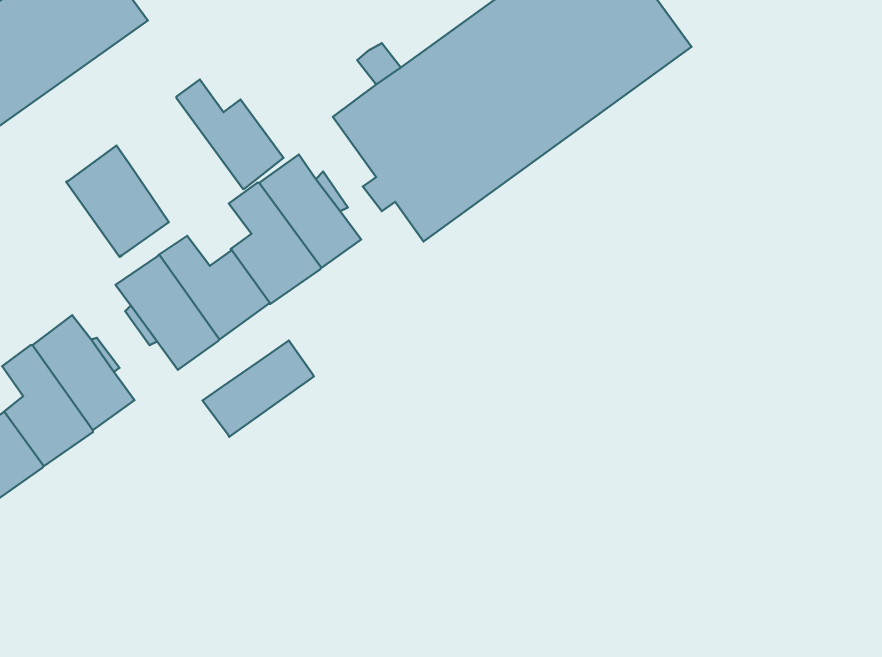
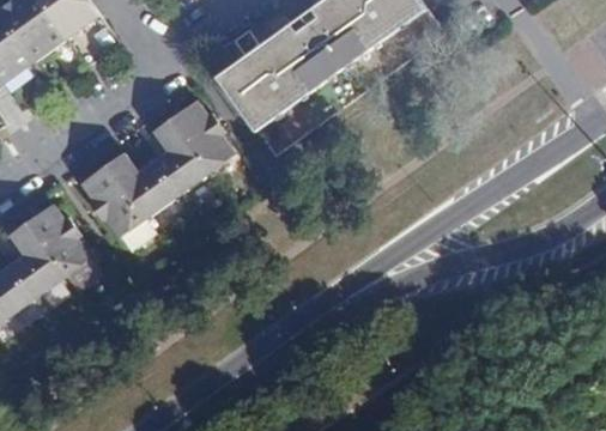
building: [176,79,284,189] -> none
building: [66,145,169,257] -> none
building: [203,341,314,437] -> none

